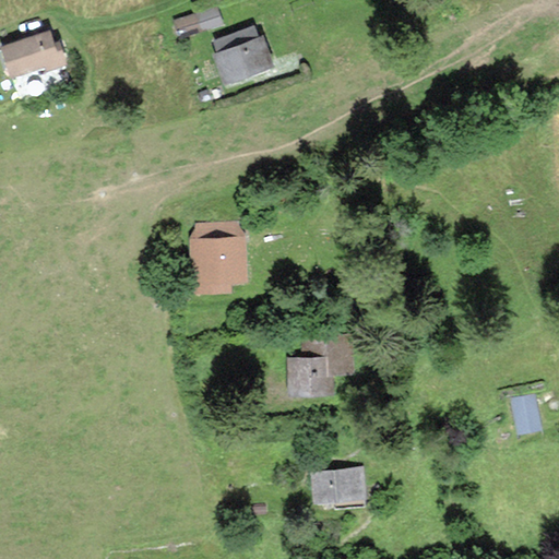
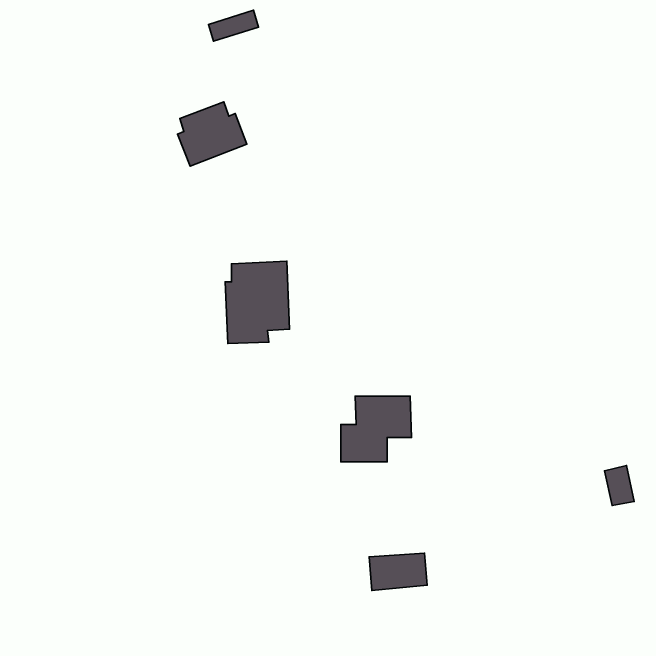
building: [213,27,272,82] -> [177,102,247,166]
building: [4,33,64,75] -> none

